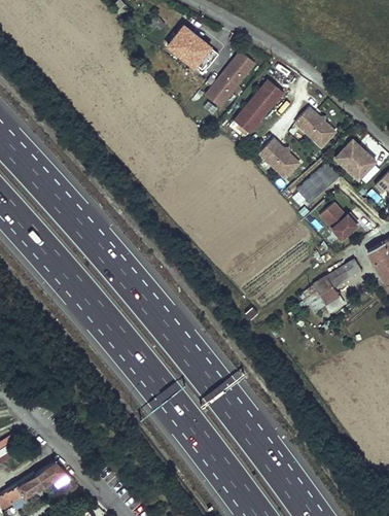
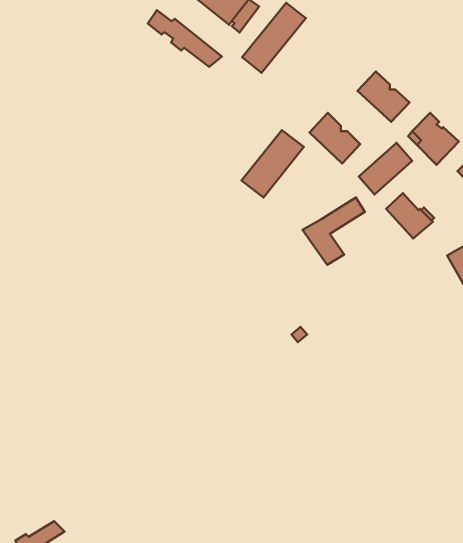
building: none -> [148,10,222,67]
building: [236,81,285,135] -> [242,130,304,197]
building: [312,260,361,313] -> [303,197,365,265]

